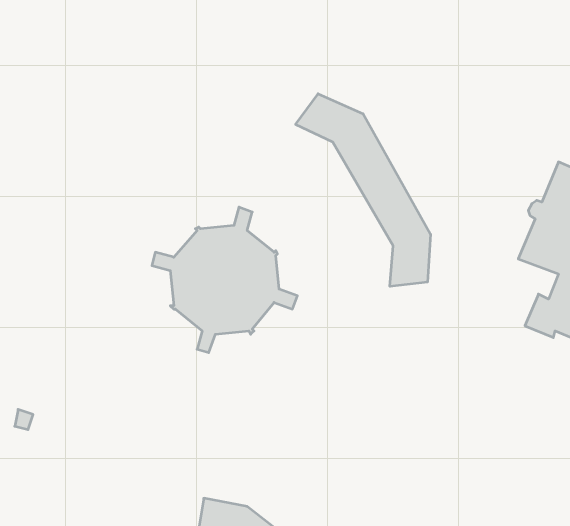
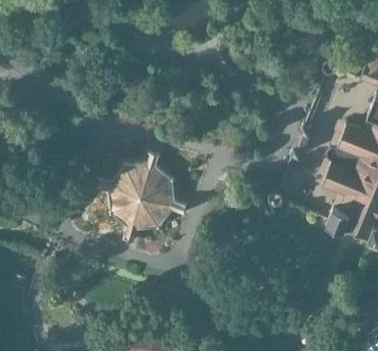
building: [296,94,431,286] -> none

